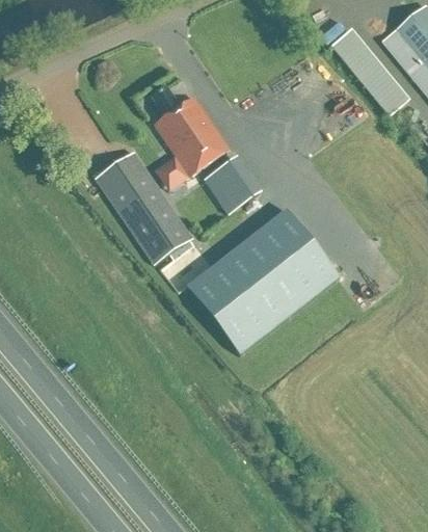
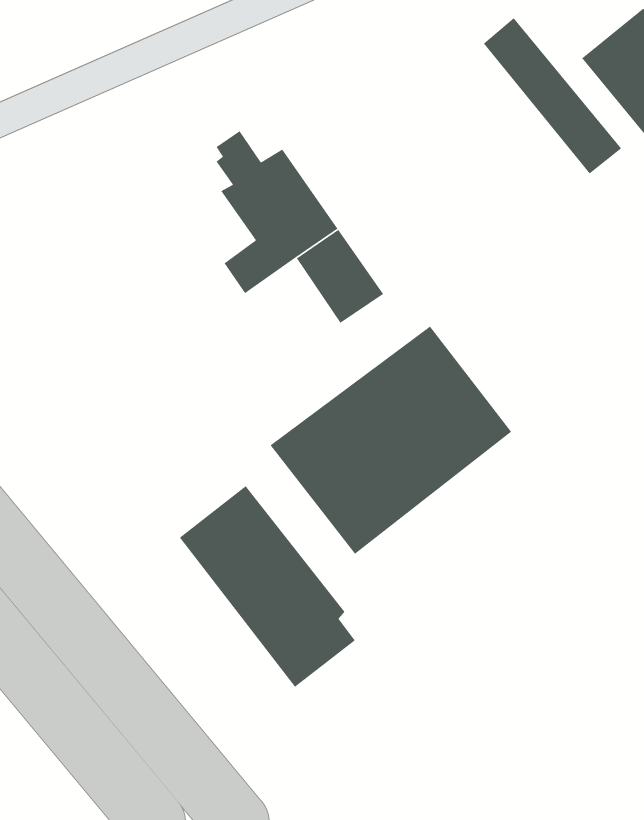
building: [93,150,193,265] -> none
building: none -> [179,485,356,688]

